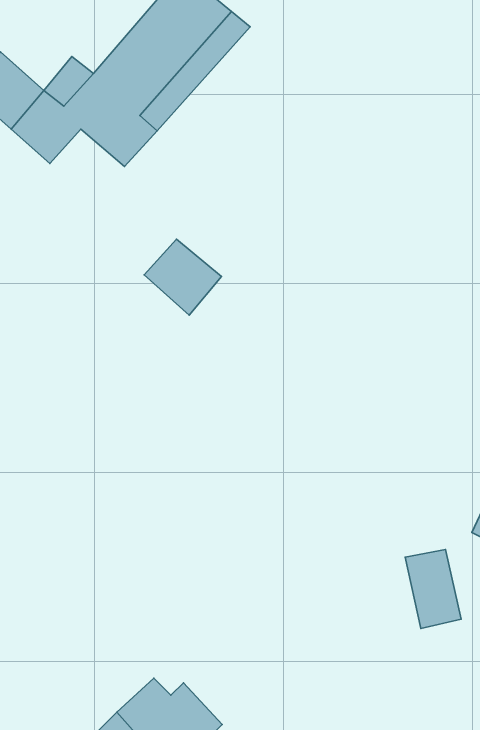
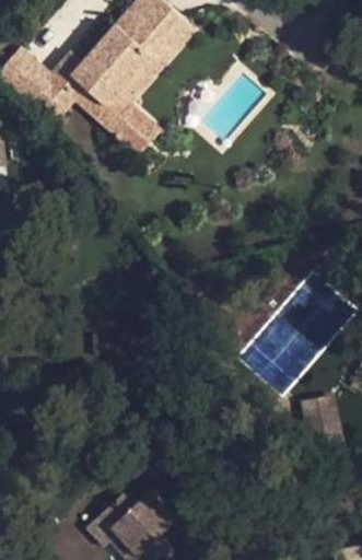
building: [144,239,222,315] -> [107,102,162,155]

